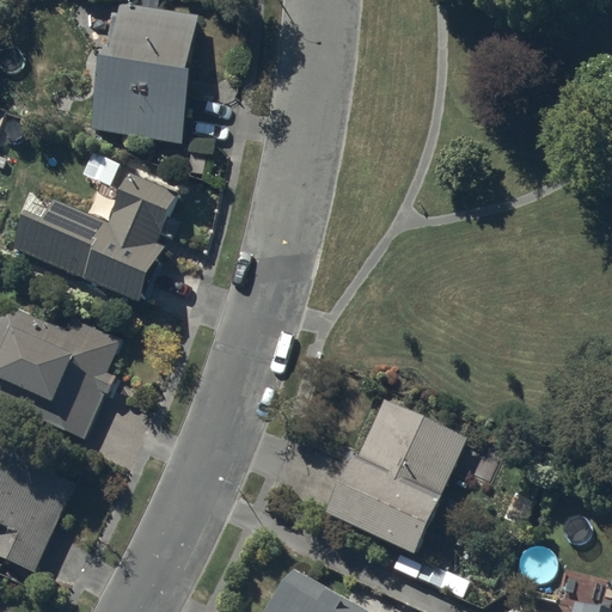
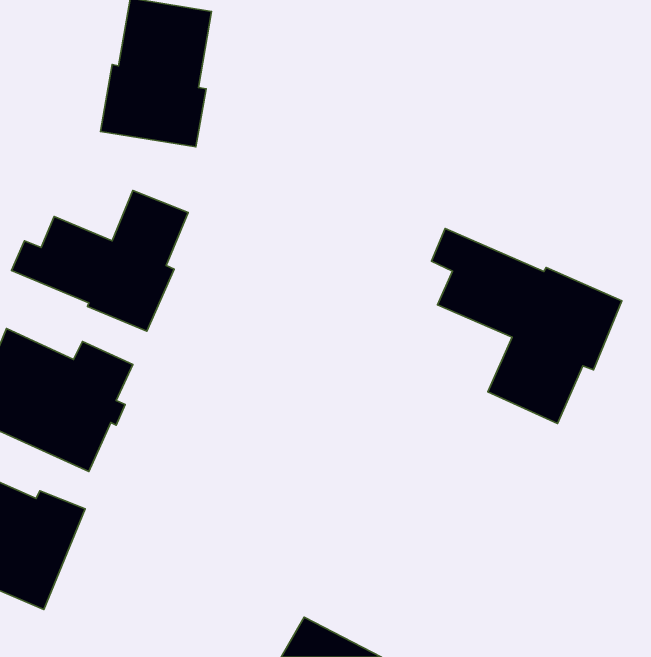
building: none -> [431,228,622,424]
building: [323,397,465,558] -> none

